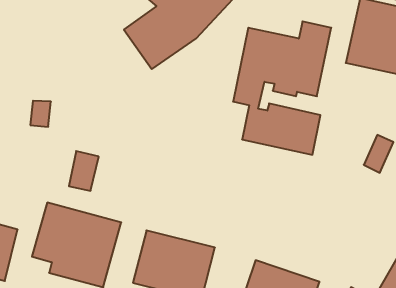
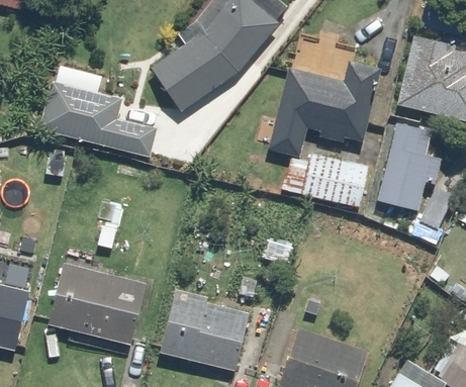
building: none -> [40,66,156,157]
building: none -> [377,120,443,209]

